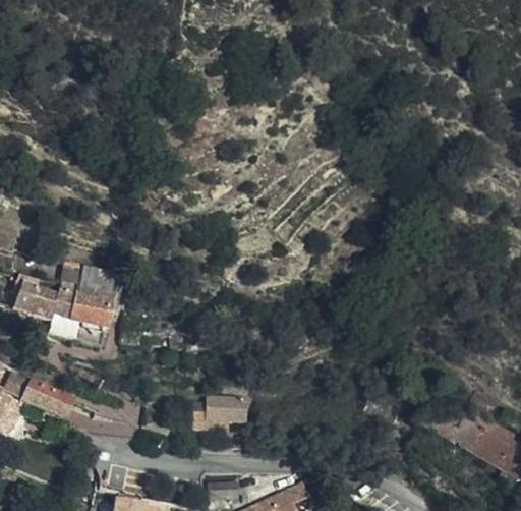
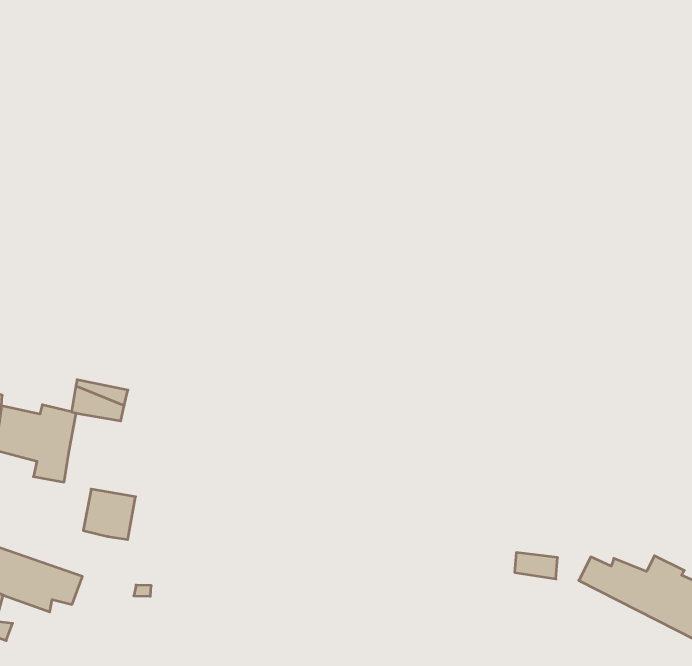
building: [78,290,115,326] -> [83,489,136,540]
building: [194,394,247,430] -> none

